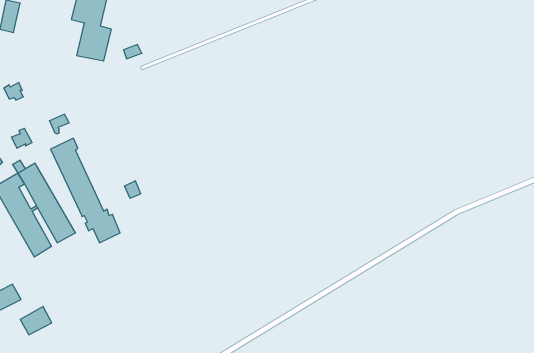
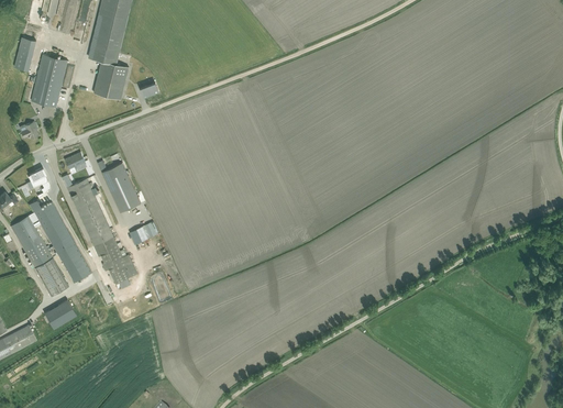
building: none -> [30,54,67,107]
building: none -> [101,163,140,212]
building: [20,306,52,335] -> [41,299,73,328]

